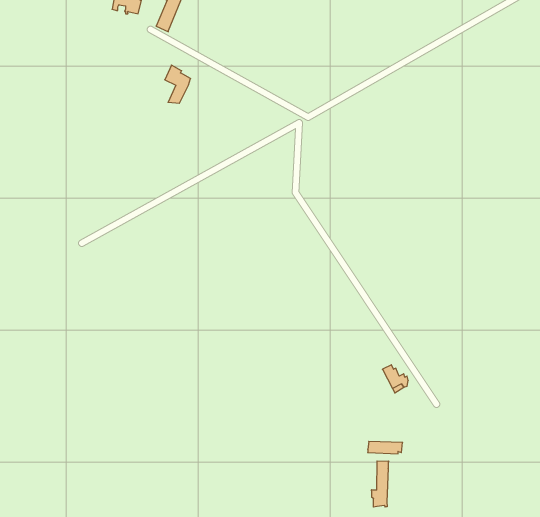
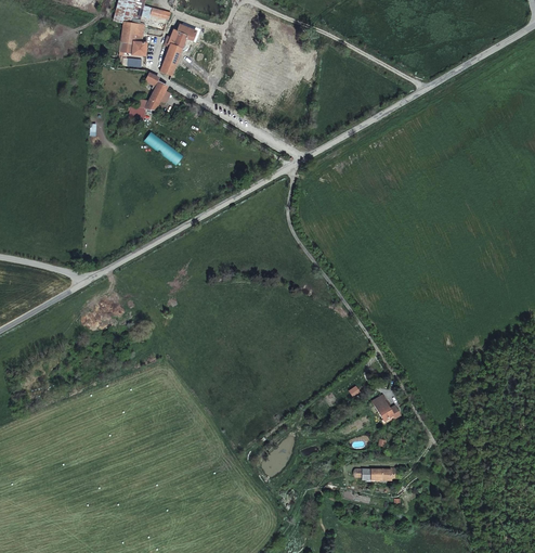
building: [165,65,191,103] -> [142,73,167,110]
building: [372,461,389,507] -> none

